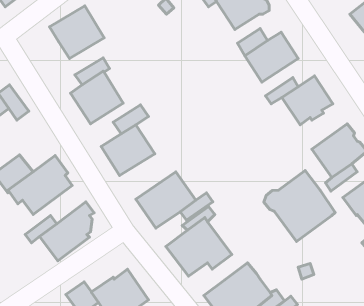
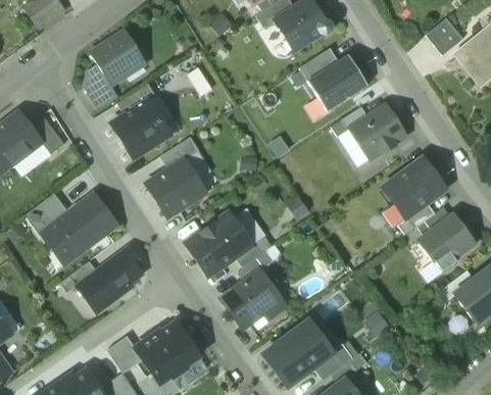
building: none -> [85,65,117,107]
building: [264,170,335,241] -> none

